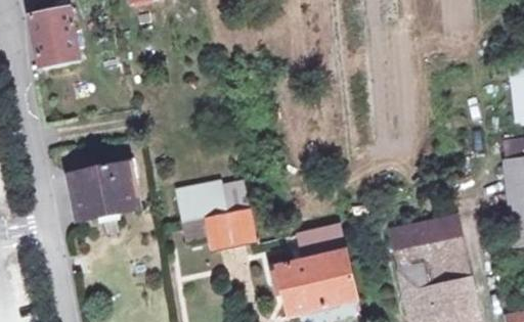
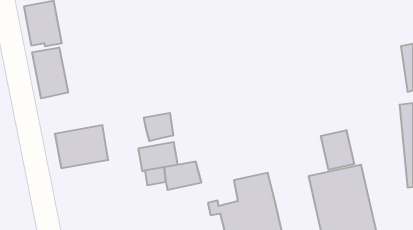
building: none -> [32,47,68,98]
building: none -> [144,113,173,141]
building: none -> [321,130,354,170]

